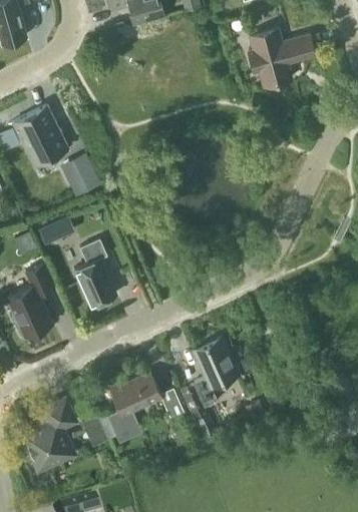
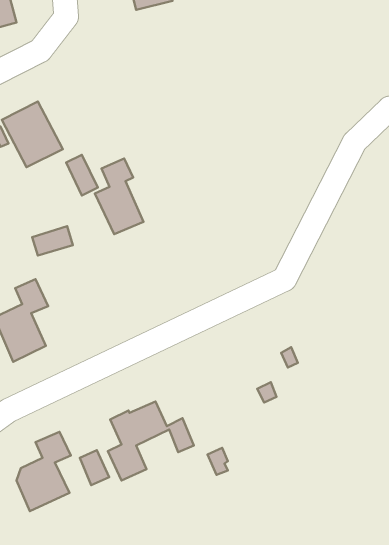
building: [248,28,313,87] -> none
building: [73,239,116,307] -> [95,158,144,234]
building: [193,338,238,408] -> none

